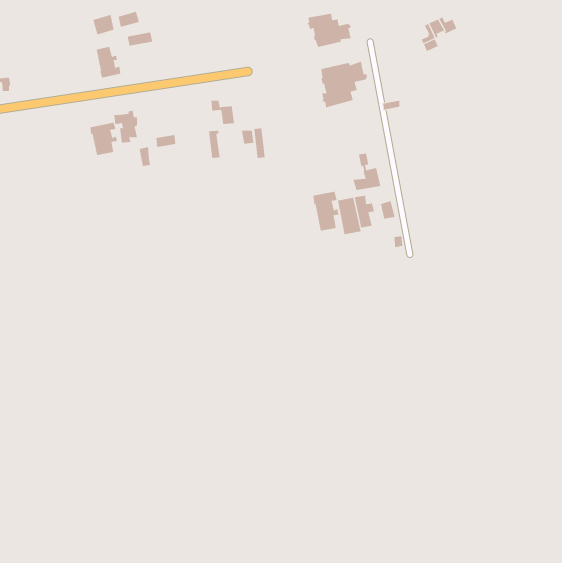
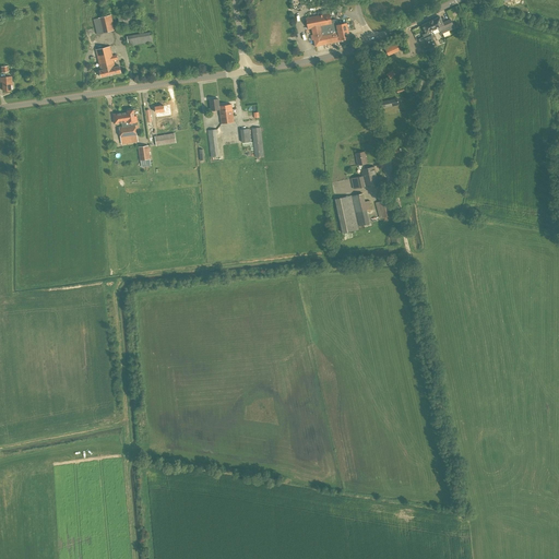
building: [321,61,367,108] -> none
building: [90,122,117,156] -> none
building: [313,191,339,232] -> none

